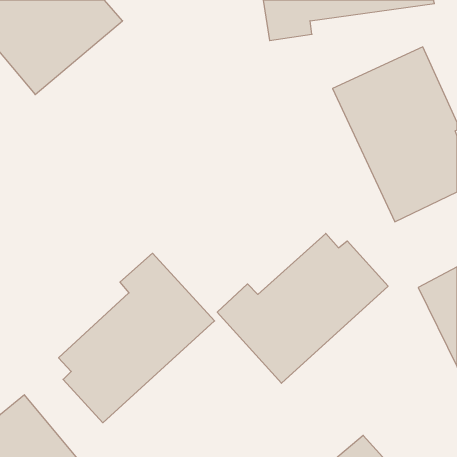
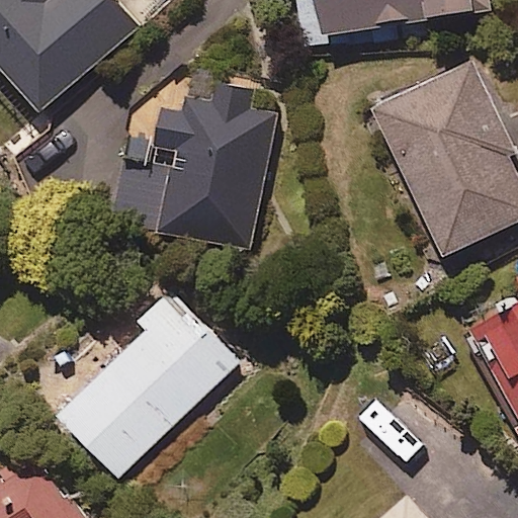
building: none -> [110,82,276,248]
building: [217,233,388,383] -> none

